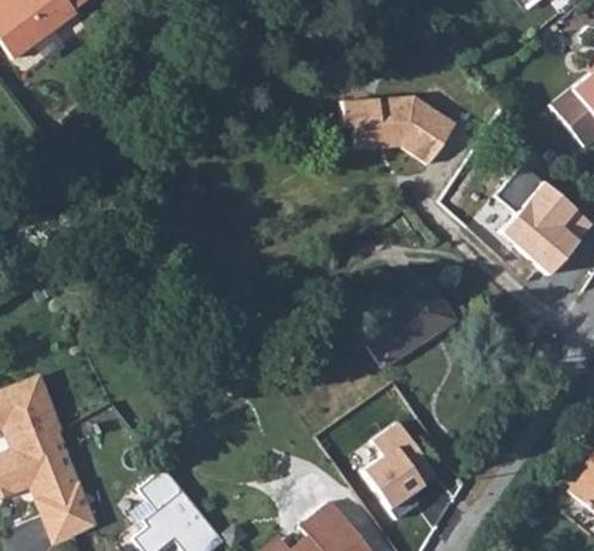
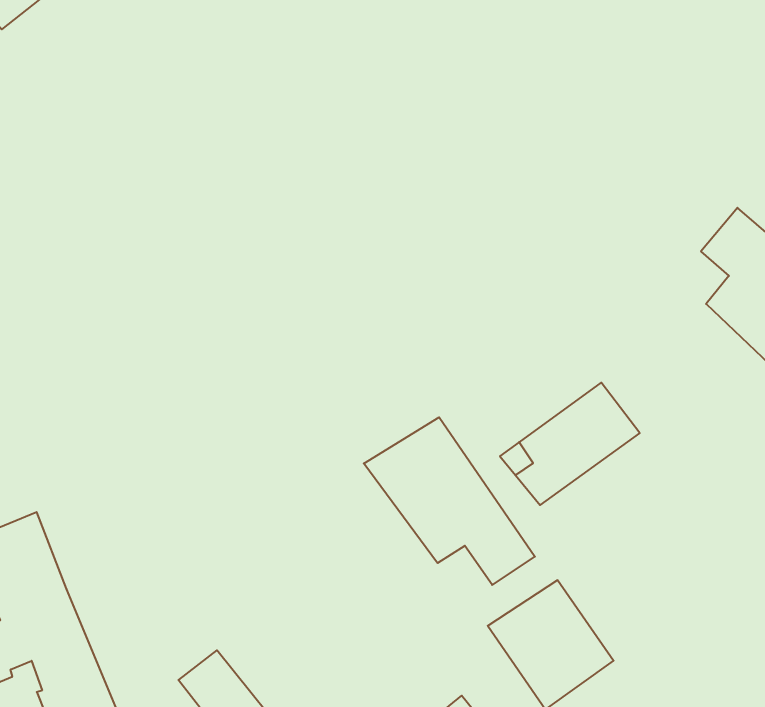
building: [336,92,454,164] -> none
building: none -> [364,417,535,585]

